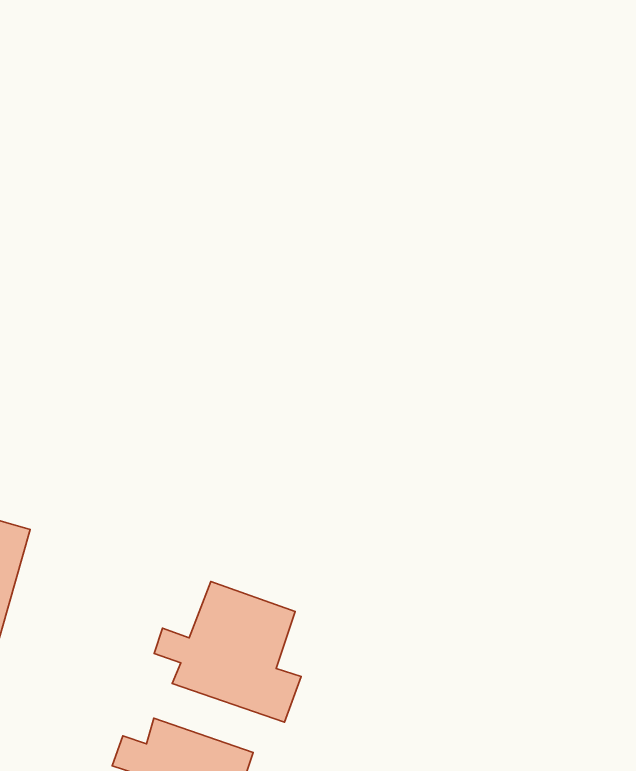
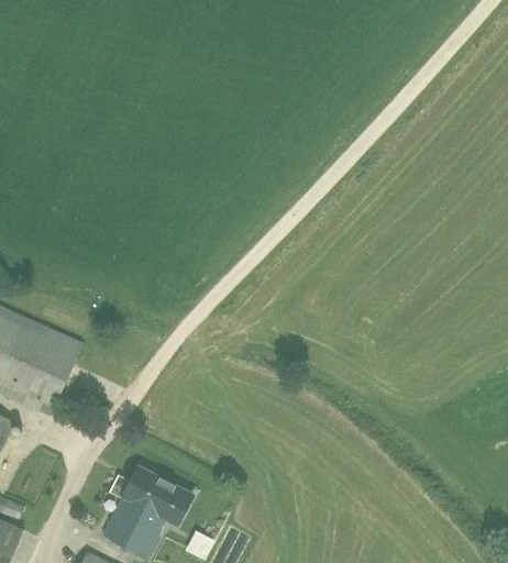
building: [154,581,301,722] -> none

